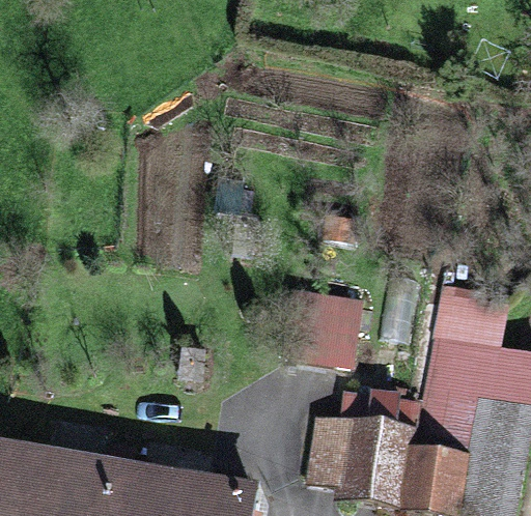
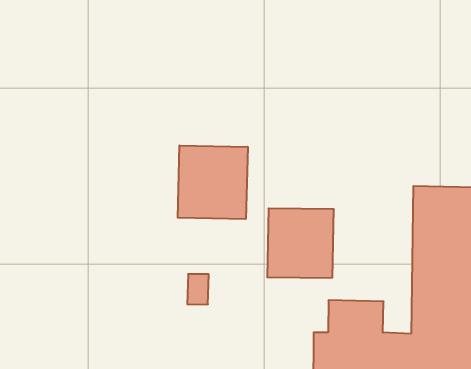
building: none -> [178,145,248,219]

